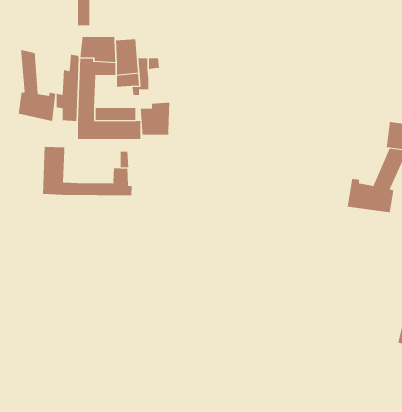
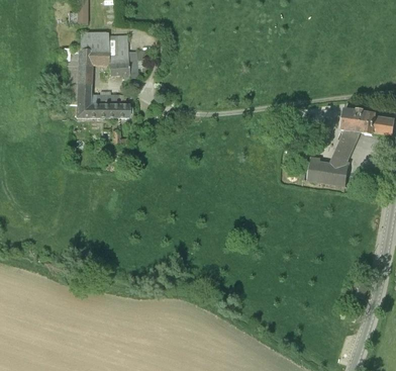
building: [18,49,56,122] -> none
building: [140,102,170,135] -> none
building: [42,146,132,196] -> none

